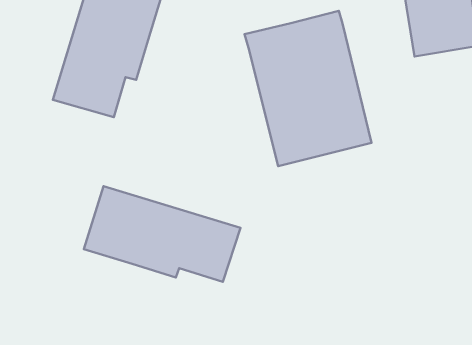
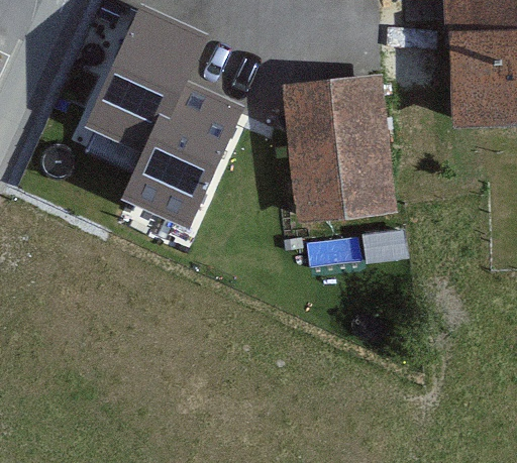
building: none -> [121,78,247,229]
building: [84,186,241,282] -> none

